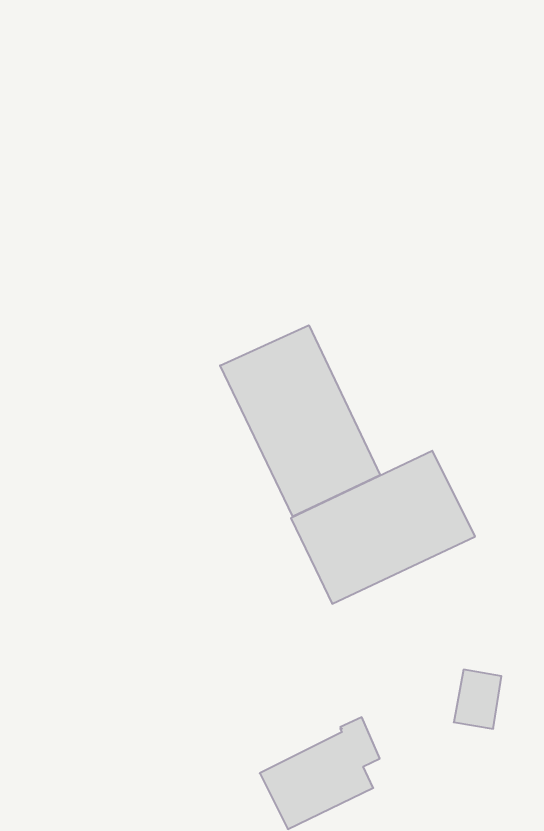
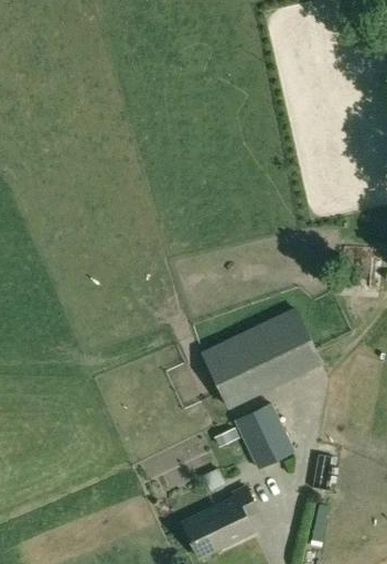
building: [220,325,380,517] -> none
building: none -> [234,402,295,469]

